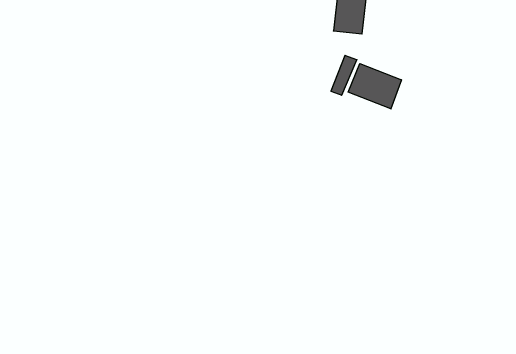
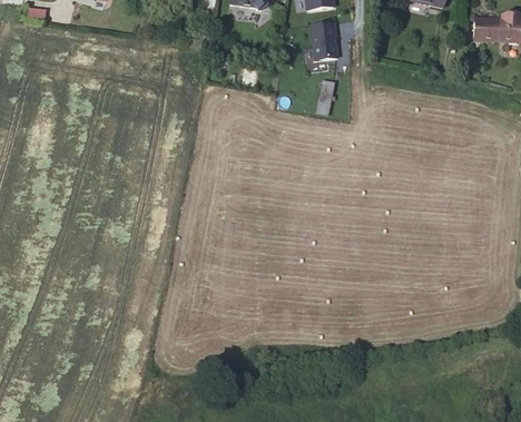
building: [348,64,401,109] -> none

